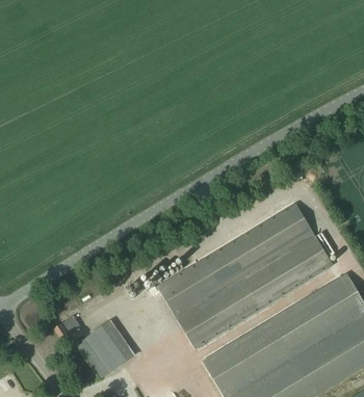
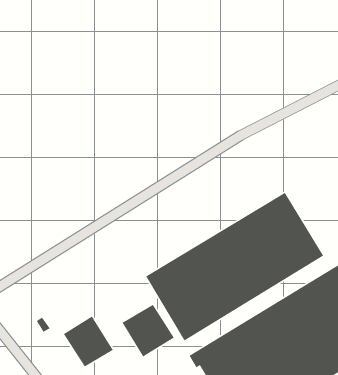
building: none -> [121,304,175,357]

